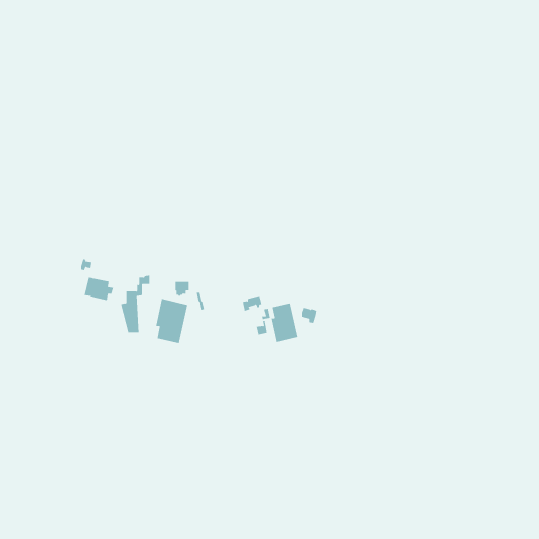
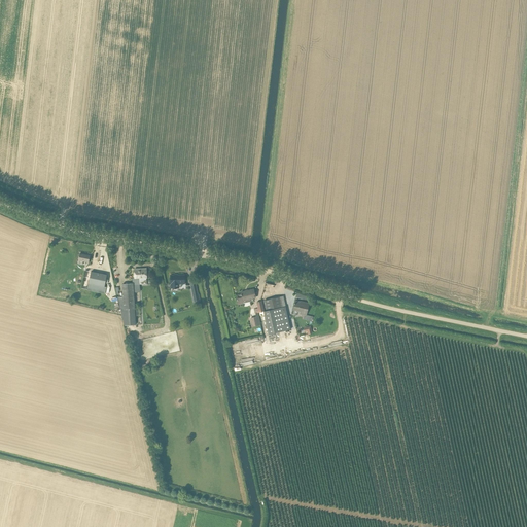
building: [155,299,187,344] -> none

